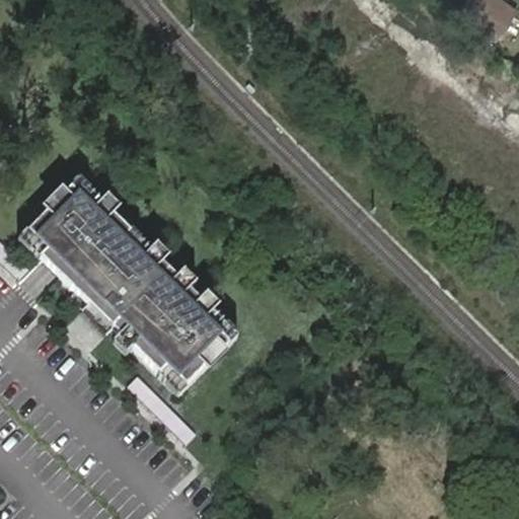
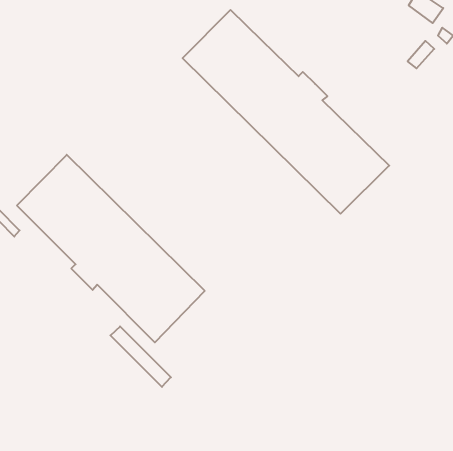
building: none -> [183,10,389,214]

